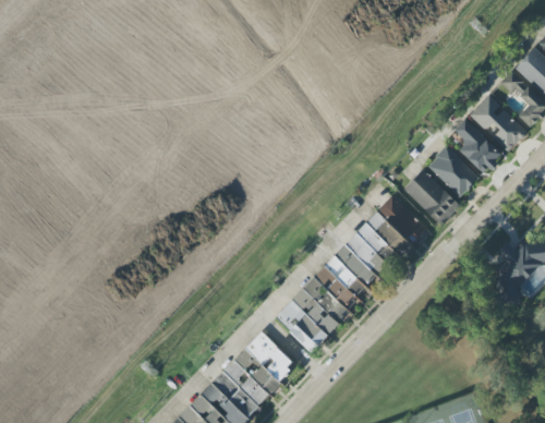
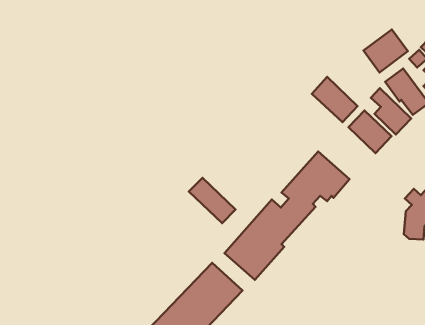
building: none -> [364,29,408,72]
building: [404,169,460,225] -> [312,77,358,122]
building: none -> [189,178,236,223]

